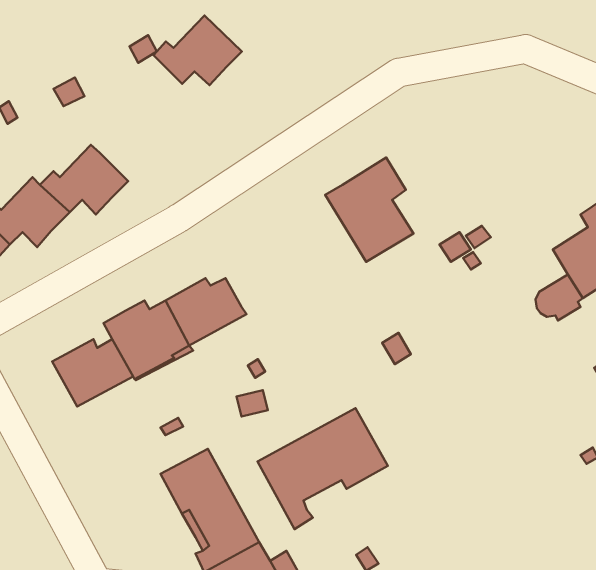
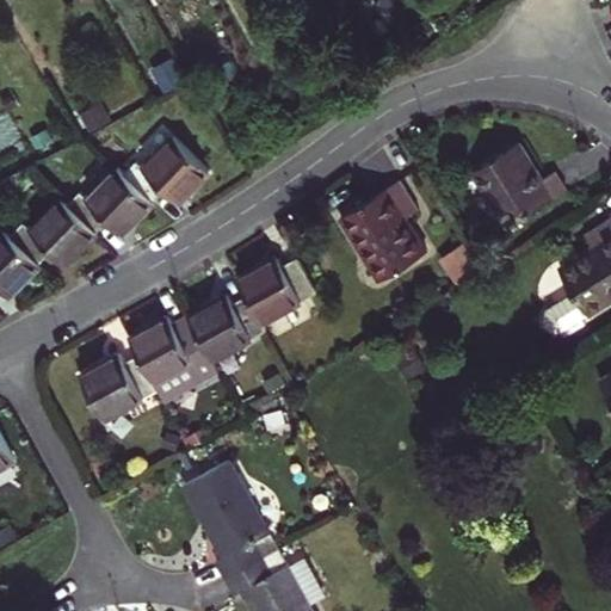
building: [153,15,242,85] -> [124,138,209,205]
building: none -> [473,144,564,228]
building: none -> [236,259,315,325]
building: [258,408,388,529] -> none

